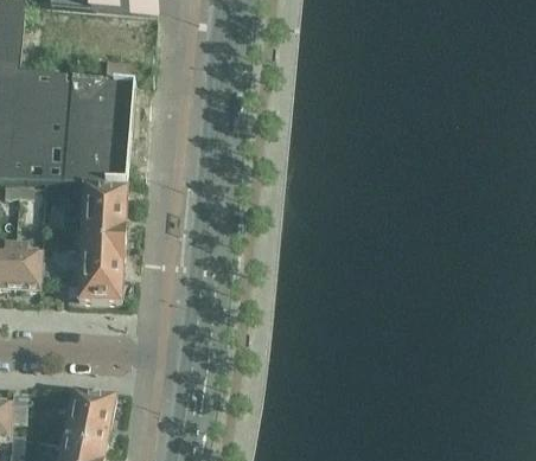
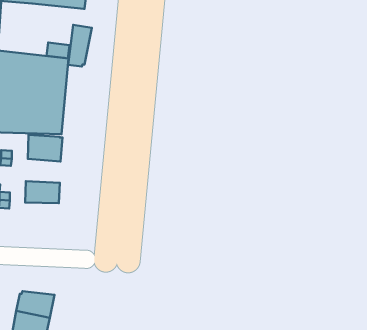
building: none -> [68,25,92,66]
building: [77,216,123,248] -> none
building: [75,274,121,302] -> none

